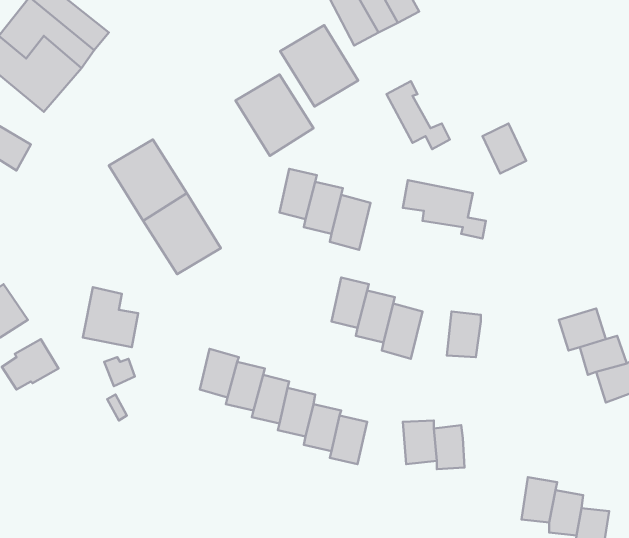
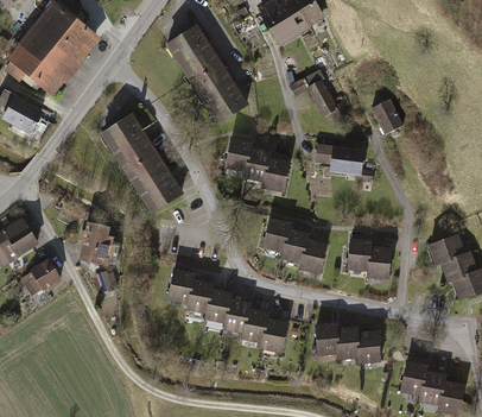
building: [280,25,358,106] -> [166,25,223,84]
building: none -> [367,246,392,280]
building: none -> [357,329,380,361]

